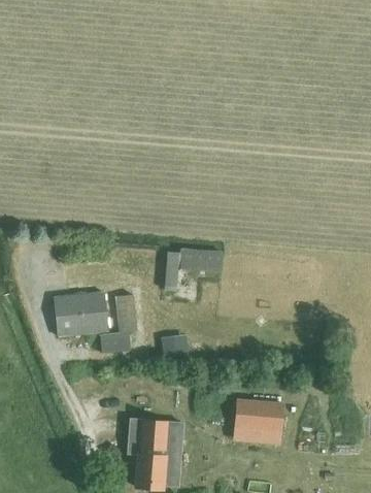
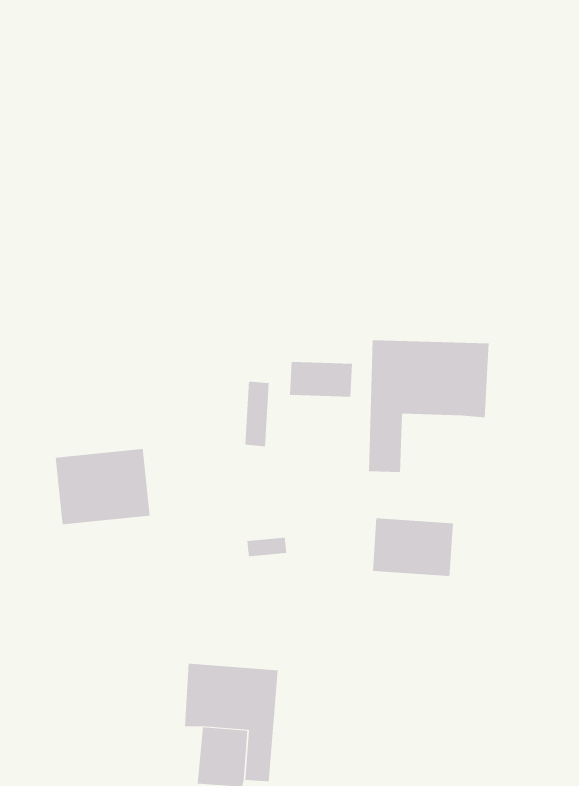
building: none -> [368,340,489,473]
building: [101,295,135,353] -> none
building: [235,403,282,437] -> [372,518,454,576]

